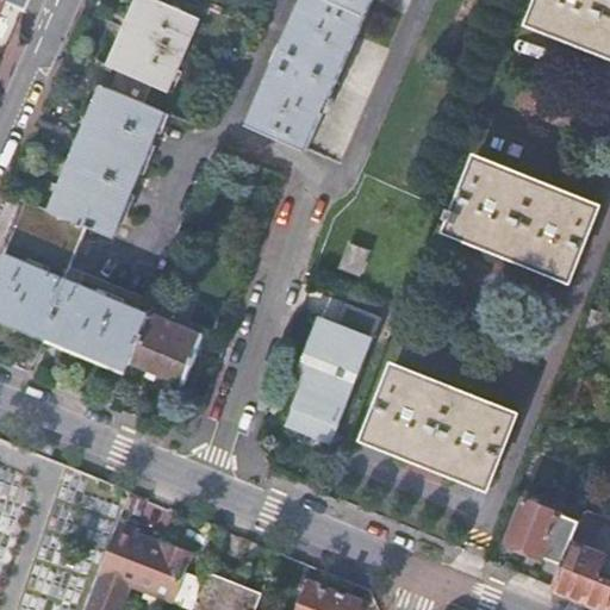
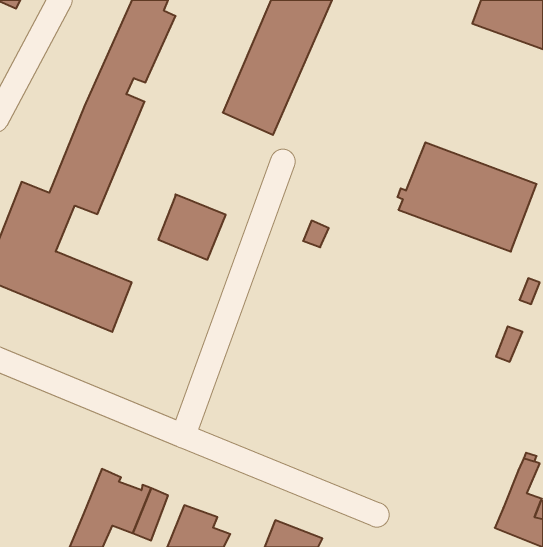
building: [285,309,373,444] -> none
building: [127,313,203,386] -> [158,194,226,260]
building: [361,367,515,488] -> none
building: [505,499,577,565] -> none

